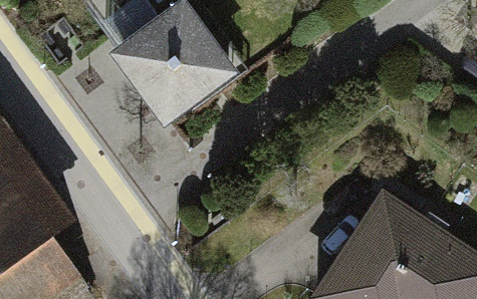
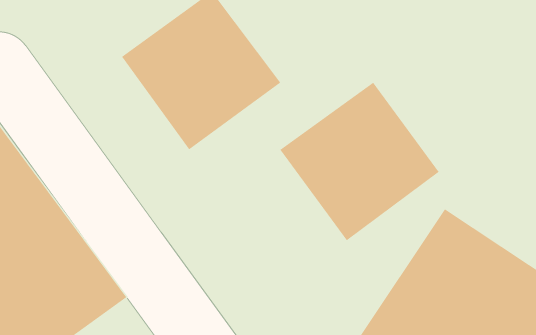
building: none -> [279,82,440,241]

